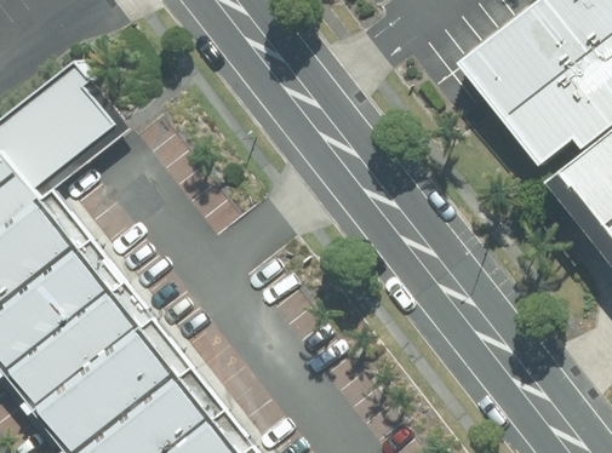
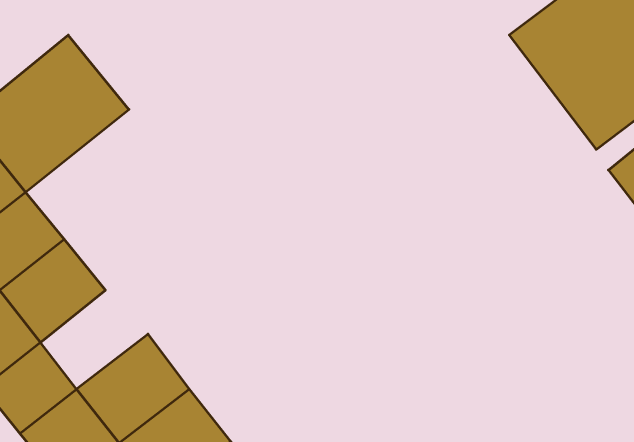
building: [51,286,141,373] -> none

